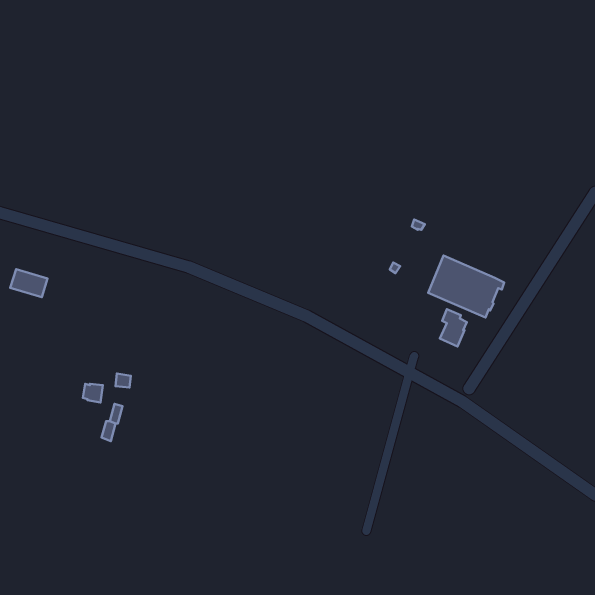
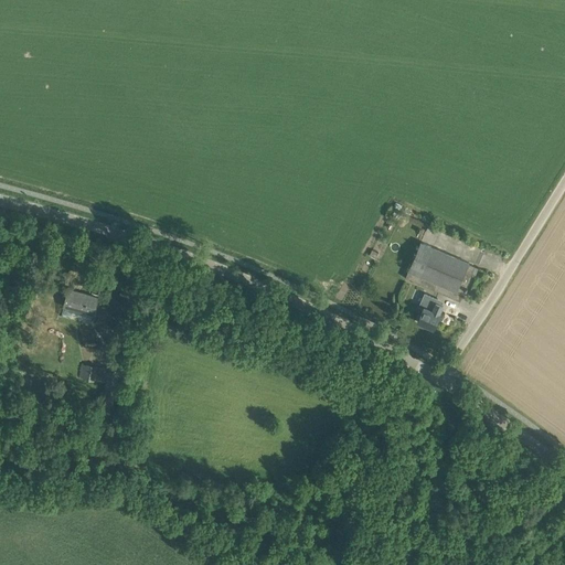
building: [10,269,48,297] -> [62,289,97,316]

